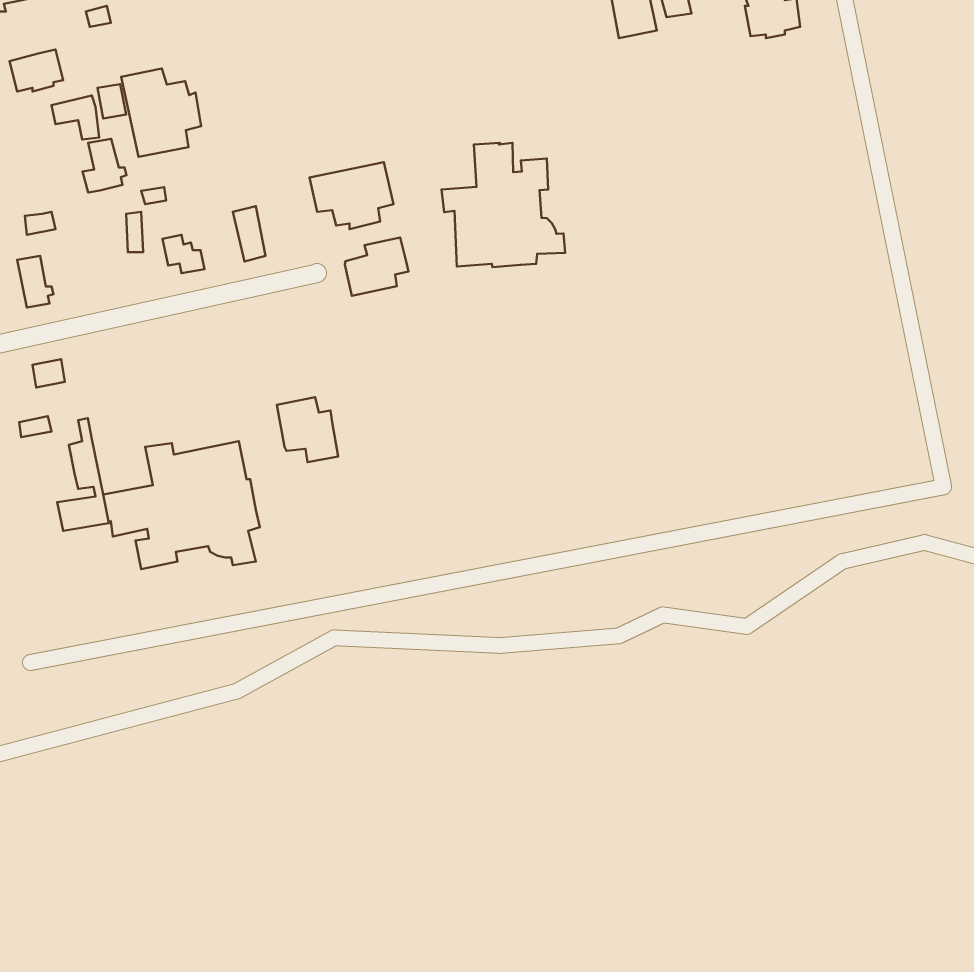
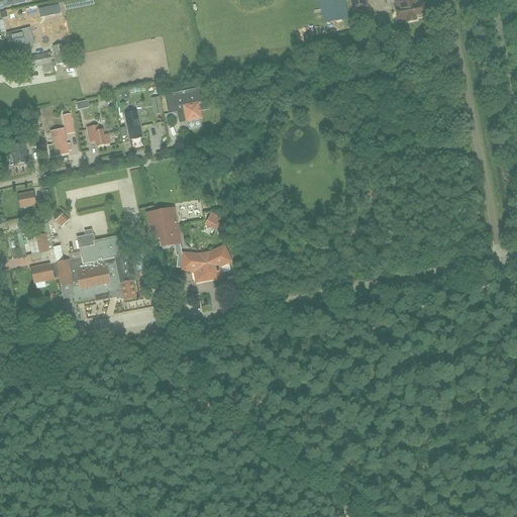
building: [121,69,201,157] -> none
building: [83,139,126,192] -> [46,127,70,156]
building: [442,143,565,267] -> none
building: [345,237,409,296] -> none
building: none -> [183,248,229,278]

